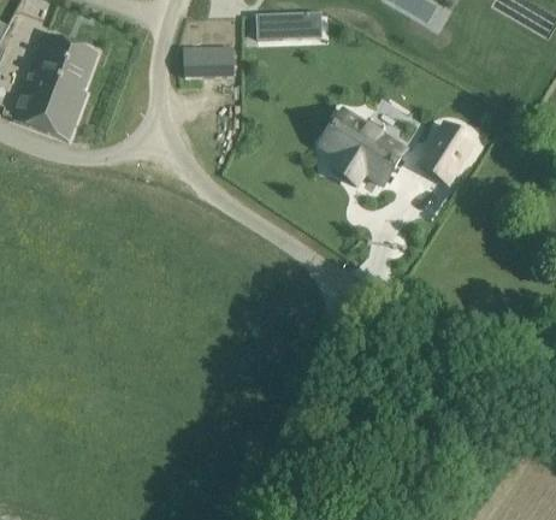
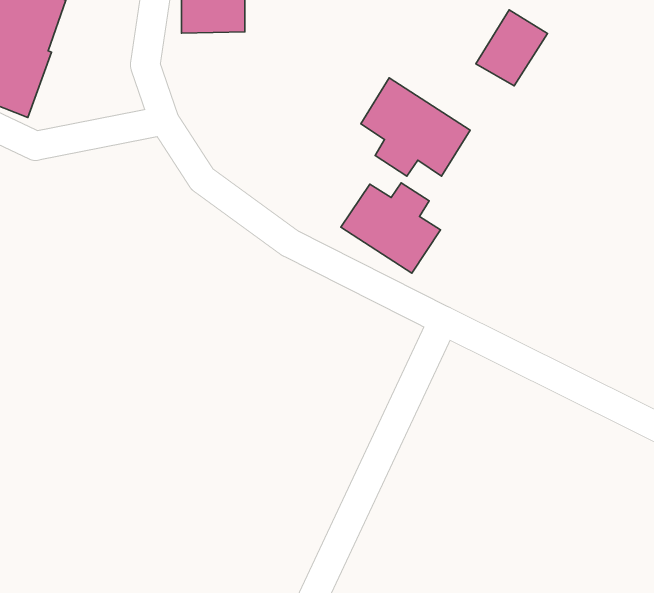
building: [420,124,474,182] -> [476,10,547,86]
building: none -> [341,183,441,273]

